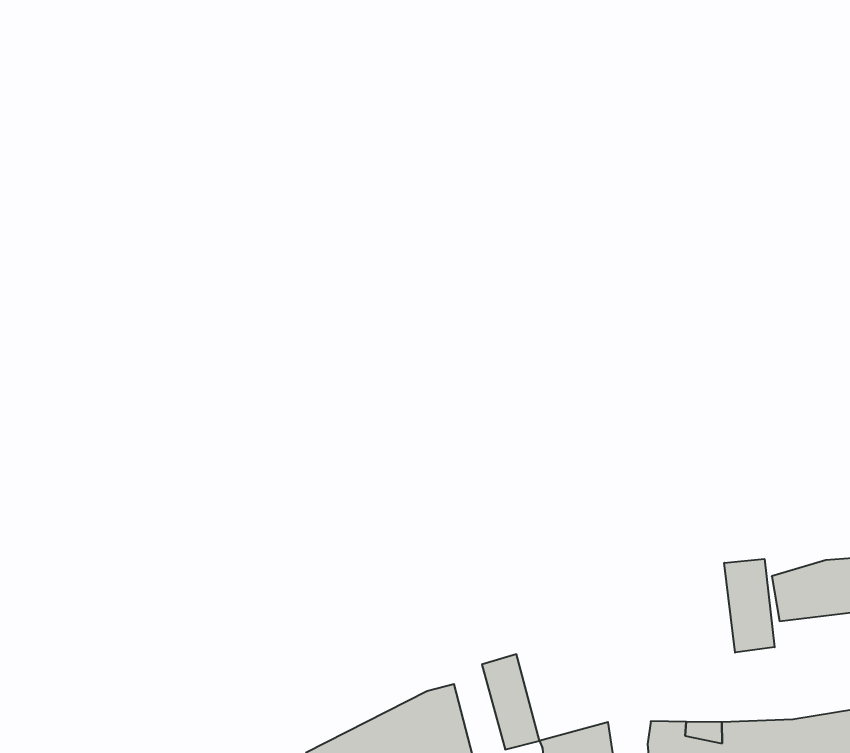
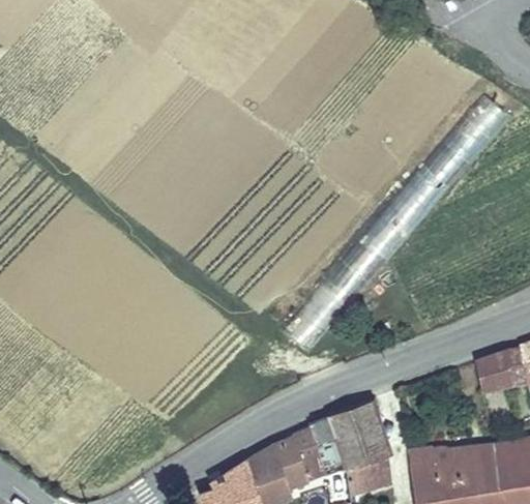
building: [724,559,775,653] -> none
building: none -> [328,401,390,468]

